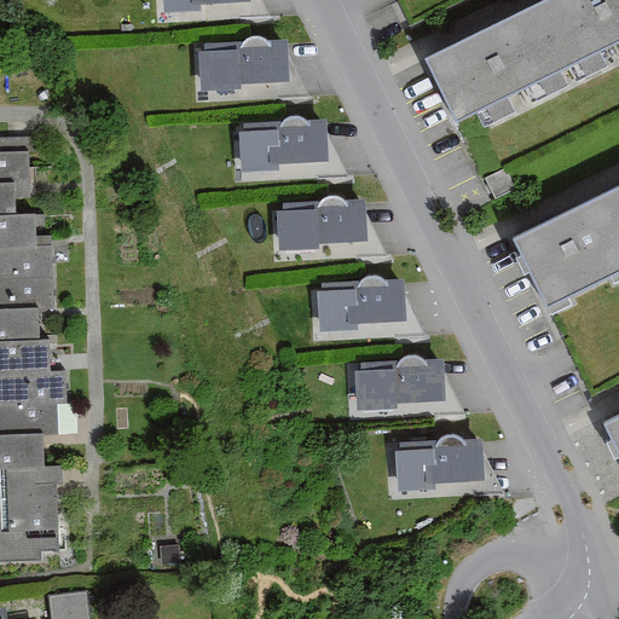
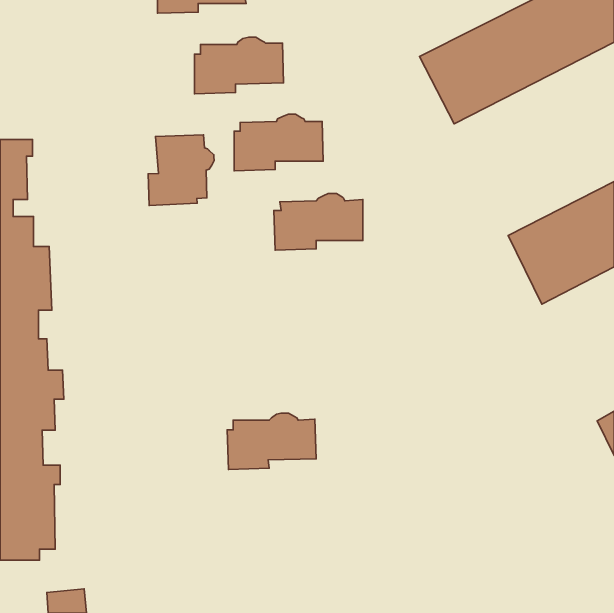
building: none -> [148,135,214,205]
building: [314,274,404,331] -> none
building: [354,354,444,411] -> [227,413,316,470]
building: [393,434,481,491] -> none

